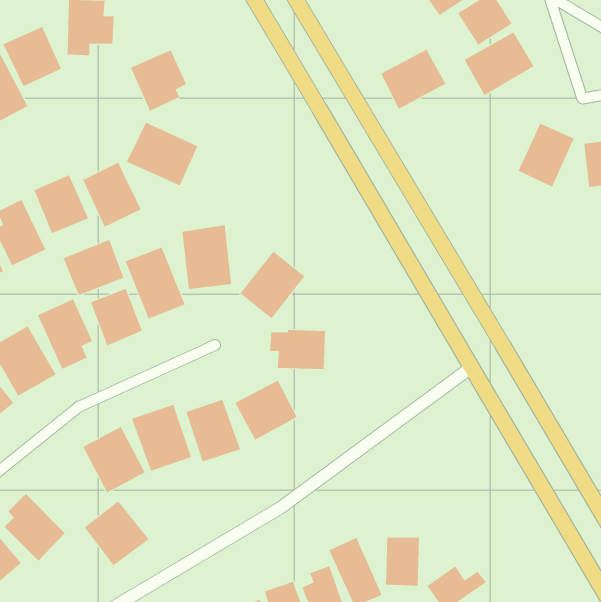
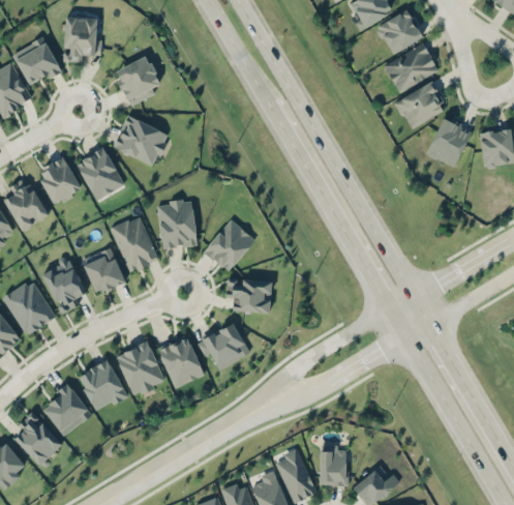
building: [380,49,446,110] -> [394,82,447,130]
building: [63,239,124,296] -> none
building: [84,500,149,566] -> [39,384,92,437]

